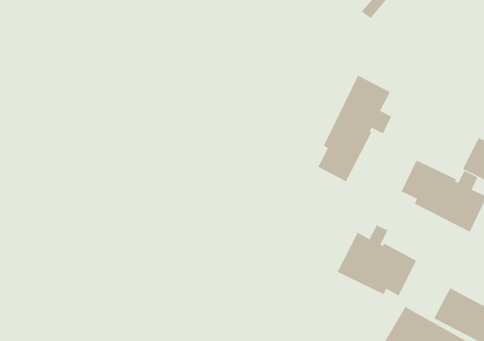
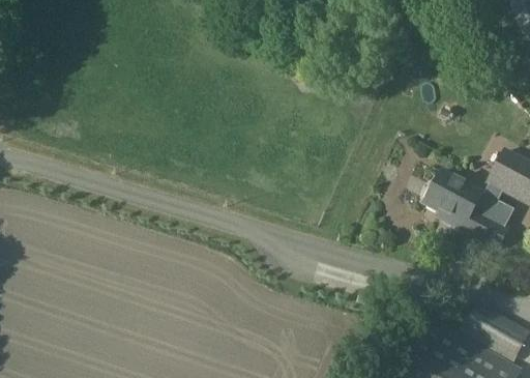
building: [317,75,392,182] -> none
building: [337,224,417,296] -> none

